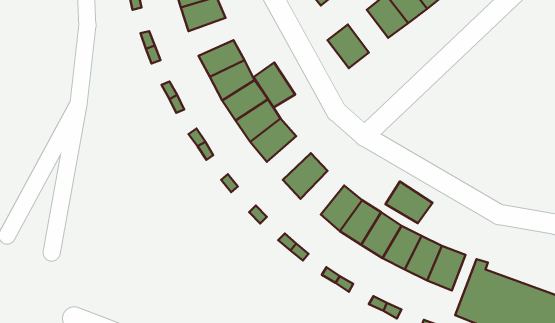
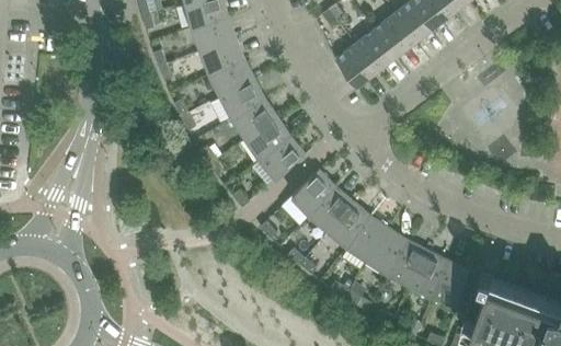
building: none -> [355,31,394,72]
building: none -> [199,38,243,76]
building: [253,63,295,107] -> none
building: none -> [309,188,352,231]
building: [386,181,432,223] -> none

